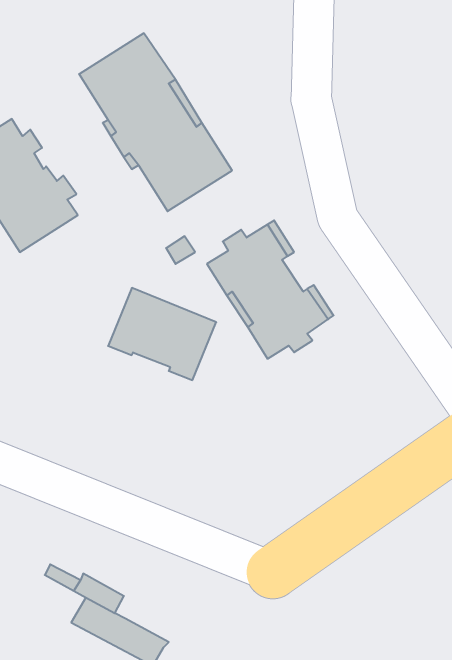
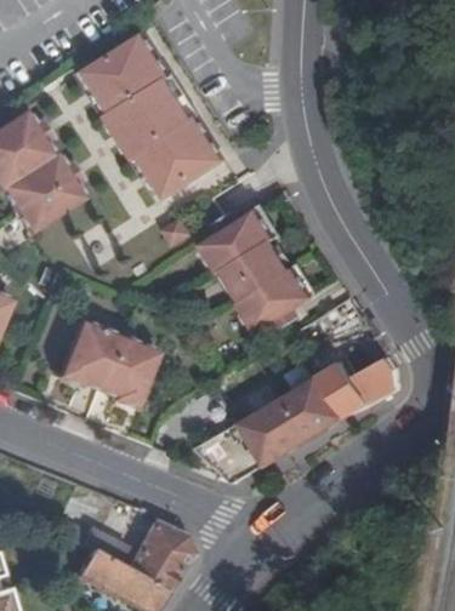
building: [108,288,216,380] -> [55,324,154,409]
building: none -> [197,359,397,482]
building: none -> [125,523,192,593]

